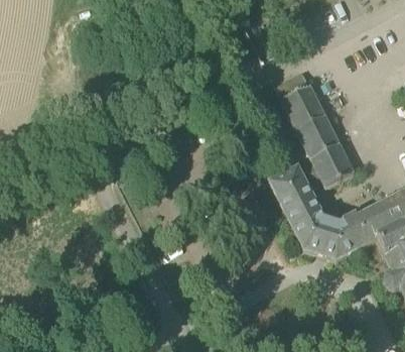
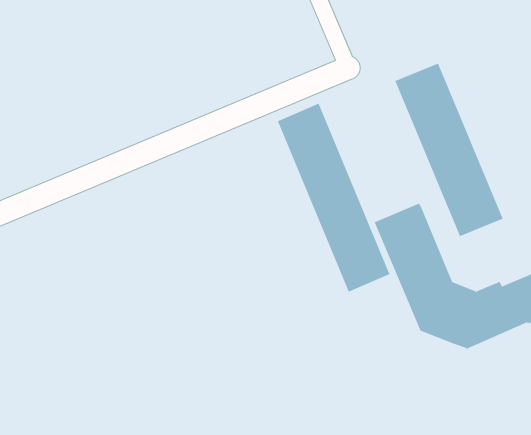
building: none -> [277,103,390,293]

